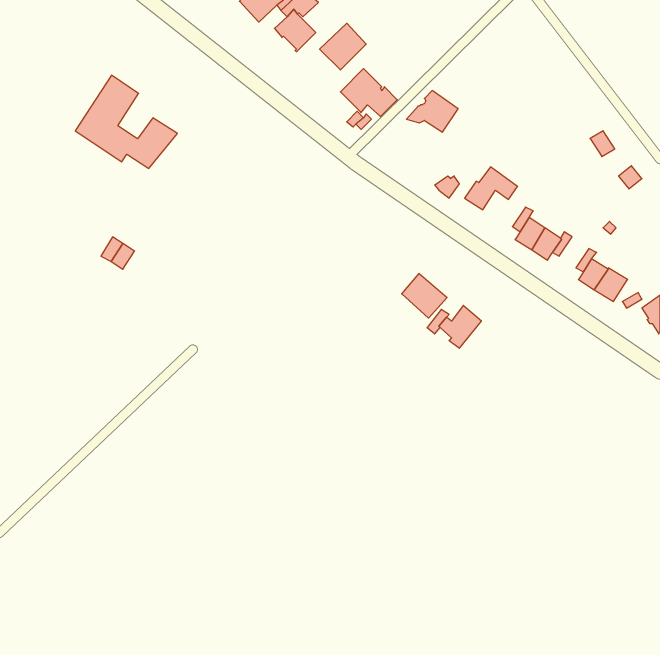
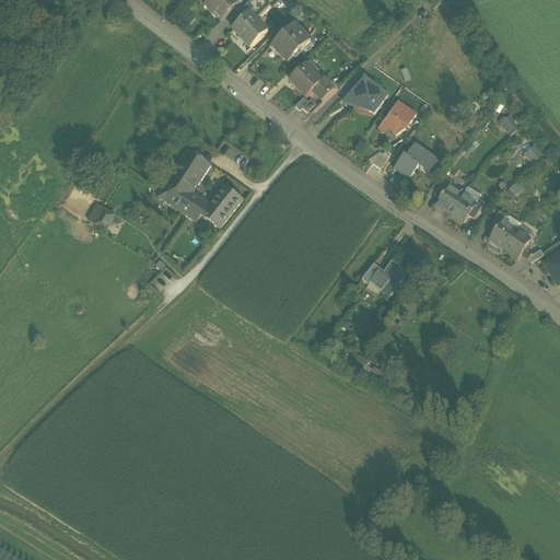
building: [75,75,177,168] -> [156,147,243,225]
building: none -> [378,100,416,133]
building: [402,273,447,318] -> none

